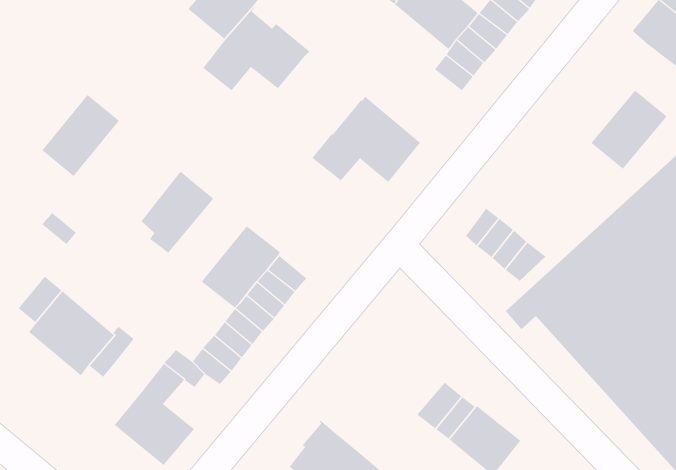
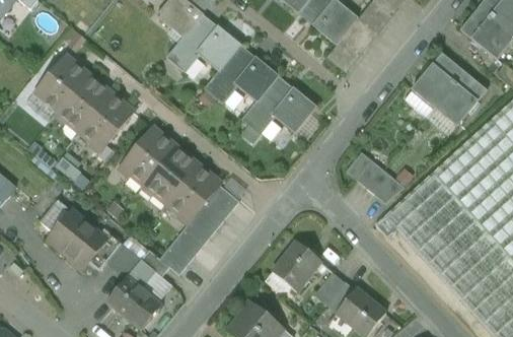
building: none -> [206,45,279,103]
building: none -> [404,53,464,118]
building: none -> [38,55,88,113]
building: none -> [79,92,134,146]
building: none -> [144,146,198,203]
building: none -> [275,239,322,288]
building: none -> [105,243,141,278]

